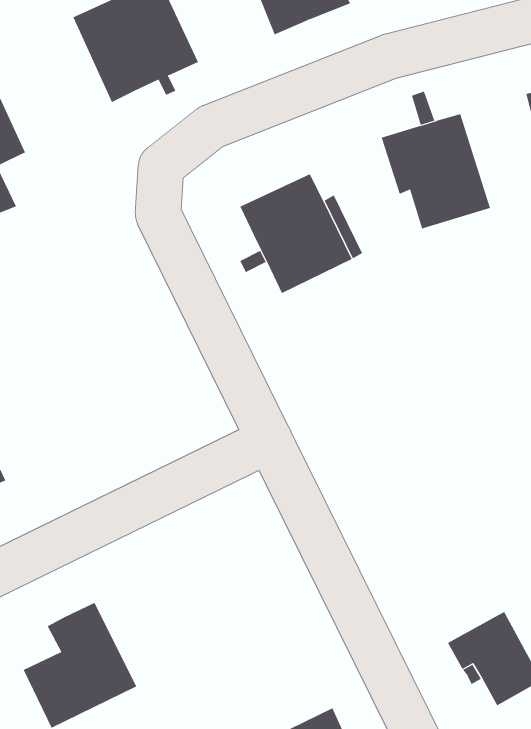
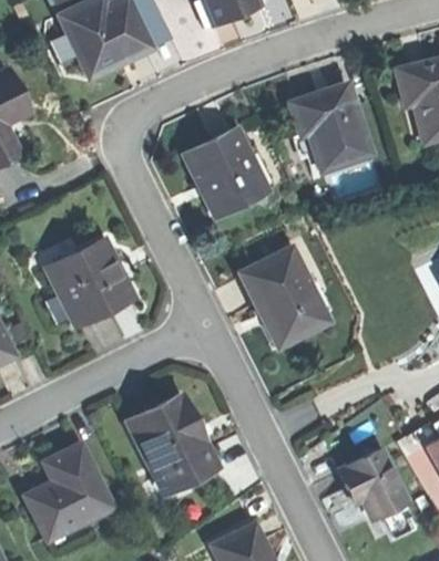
building: none -> [49,240,133,324]
building: none -> [239,246,329,344]
building: none -> [129,393,215,491]

